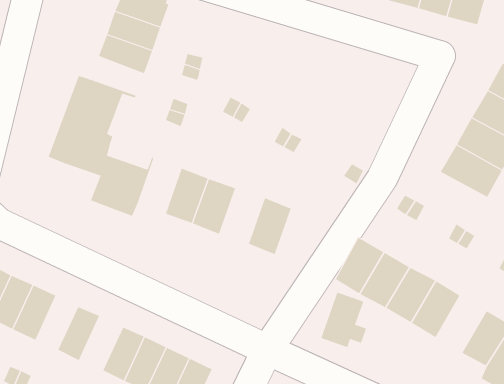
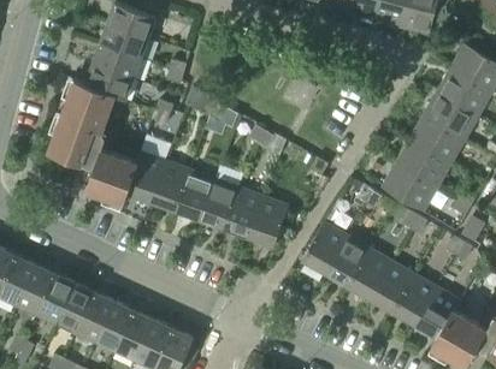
building: none -> [85,63,134,97]
building: none -> [128,153,166,202]
building: none -> [382,165,437,212]
building: none -> [200,179,240,228]
building: [321,292,367,348] -> [249,197,290,246]
building: none -> [37,274,75,322]
building: none -> [391,274,436,325]
building: none -> [76,292,114,340]

